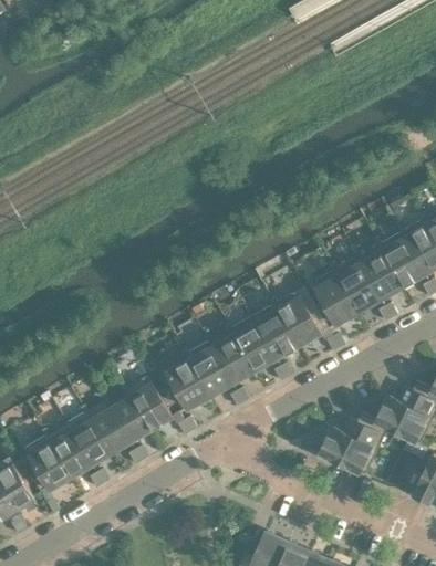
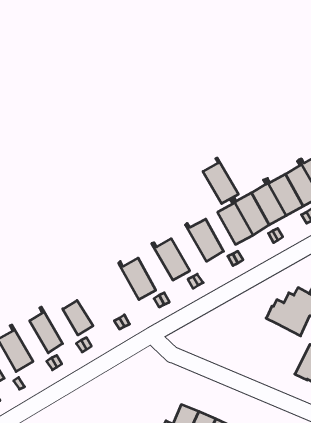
building: [251,301,298,360] -> [203,158,238,204]
building: [208,325,253,386] -> none
building: [163,350,209,410] -> none
building: [121,378,172,432] -> none
building: [82,402,129,455] -> none
building: [318,413,388,476] -> none
building: [43,426,91,479] -> none

